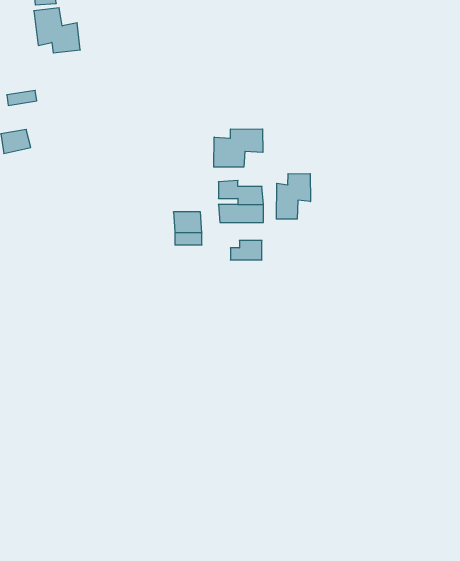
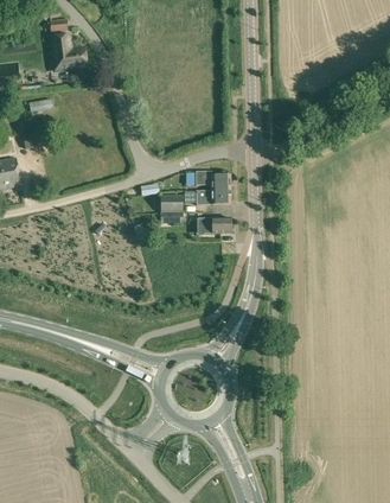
building: [214,129,263,167] -> none
building: [276,174,310,219] -> none

